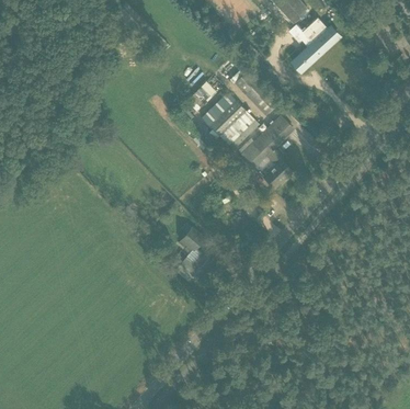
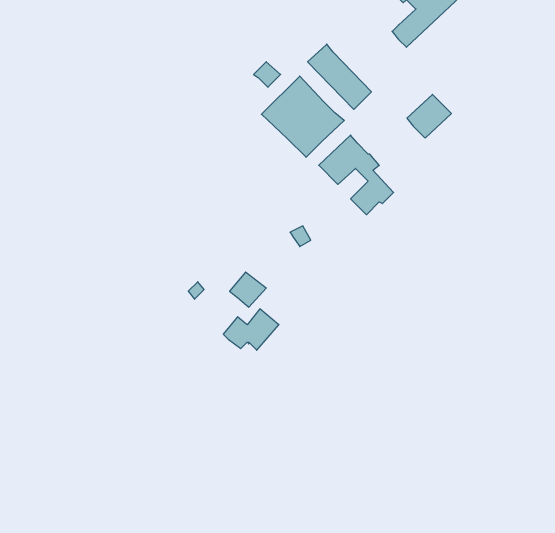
building: [263,115,294,145] -> [407,94,451,137]

